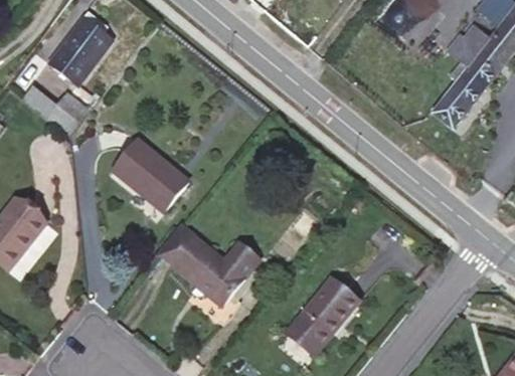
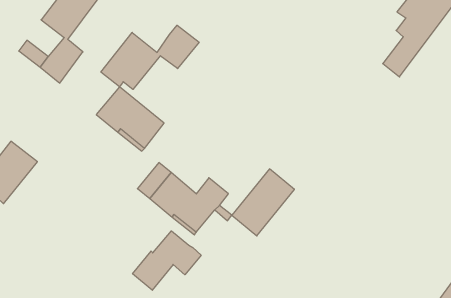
building: none -> [101,25,199,89]
building: [289,276,359,352] -> [232,169,294,236]
building: none -> [133,231,201,290]

